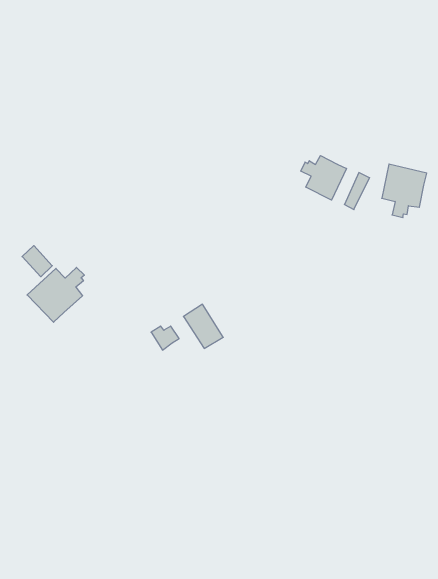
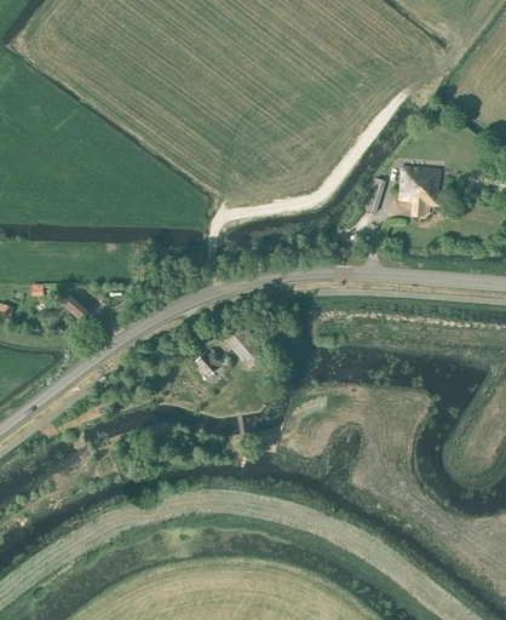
building: [301,156,346,200] -> none
building: [27,267,84,322] -> none

